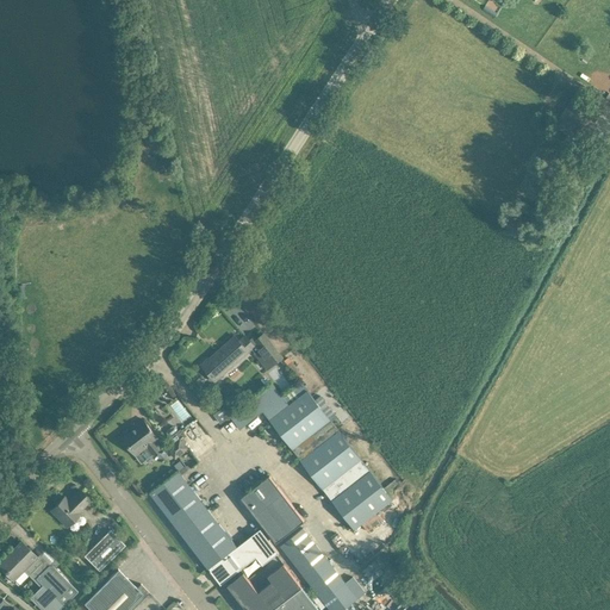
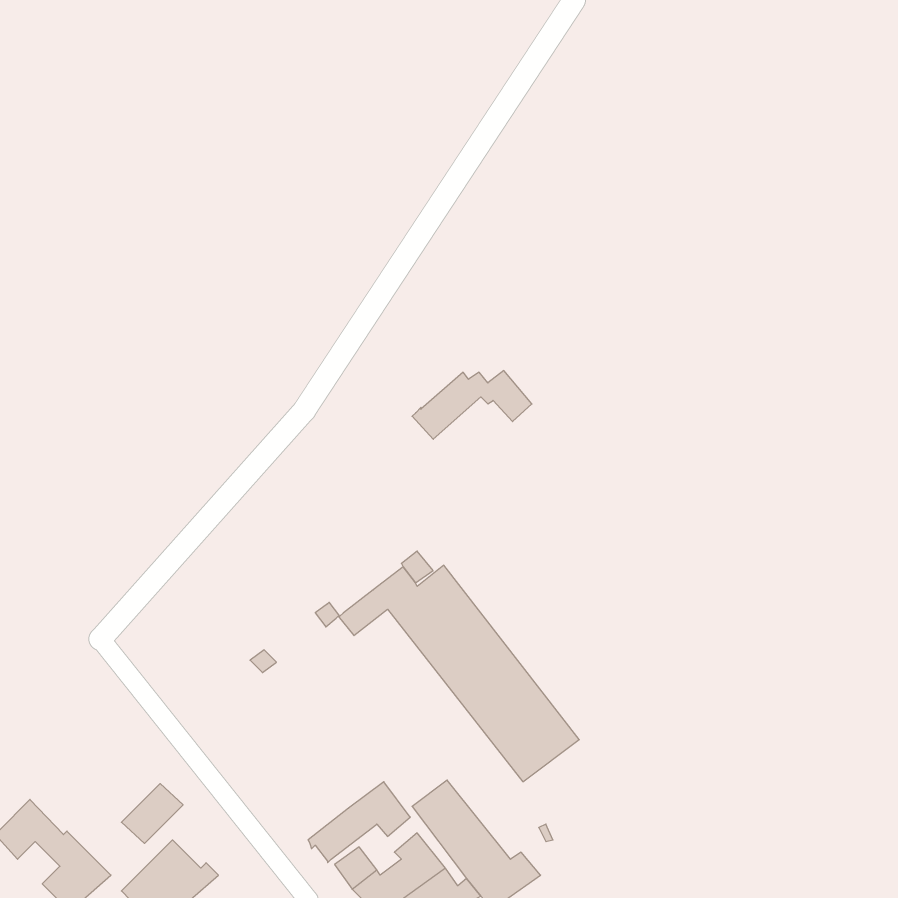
building: [200,336,281,382] -> [412,371,532,439]
building: [122,421,161,463] -> none
building: [149,472,236,569] -> none
building: [239,475,303,543] -> none
building: [50,491,89,528] -> none

